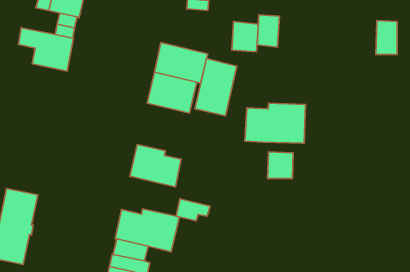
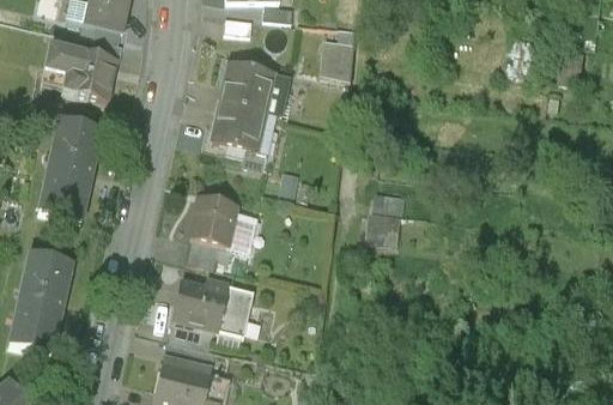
building: [257,15,279,47] -> none
building: [195,59,237,116] -> none
building: none -> [38,117,99,219]
building: [245,103,305,144] -> none
building: [176,199,210,221] -> [187,237,231,266]

